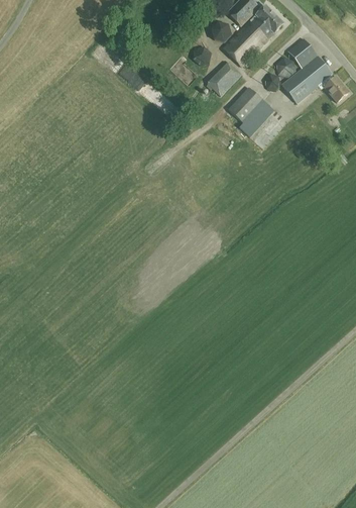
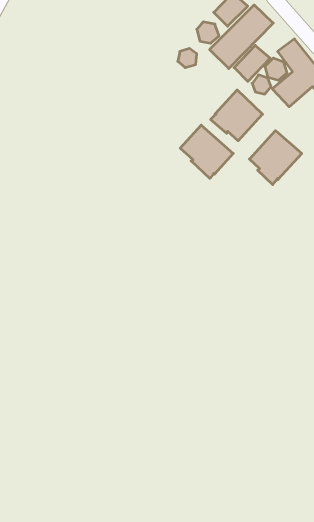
building: [207,62,241,96] -> [234,45,270,81]
building: none -> [180,125,233,178]
building: none -> [249,131,302,185]

